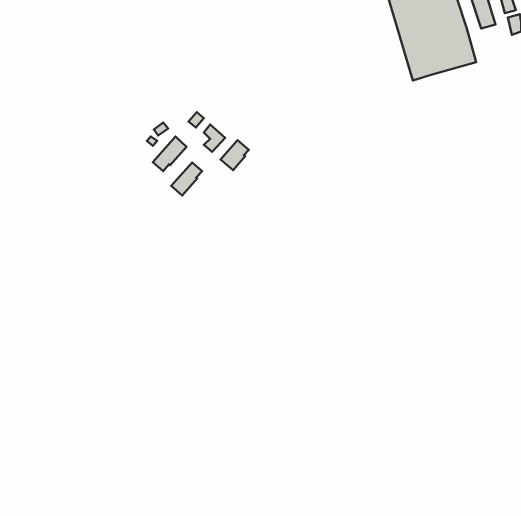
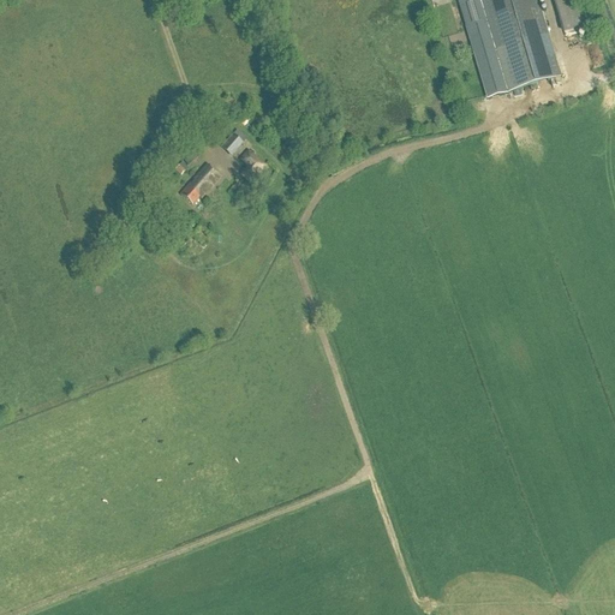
building: [221,140,249,170] -> none
building: [171,162,202,196] -> none

